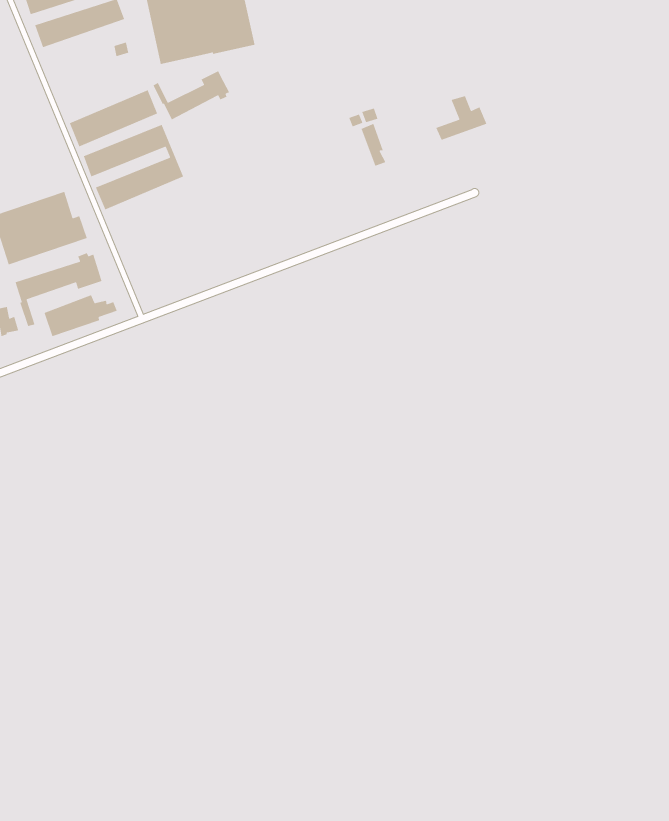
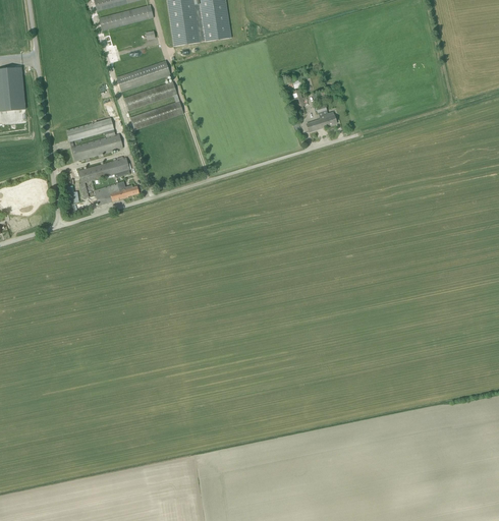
building: [153,70,230,120] -> none
building: [435,95,488,141] -> [306,104,337,130]

